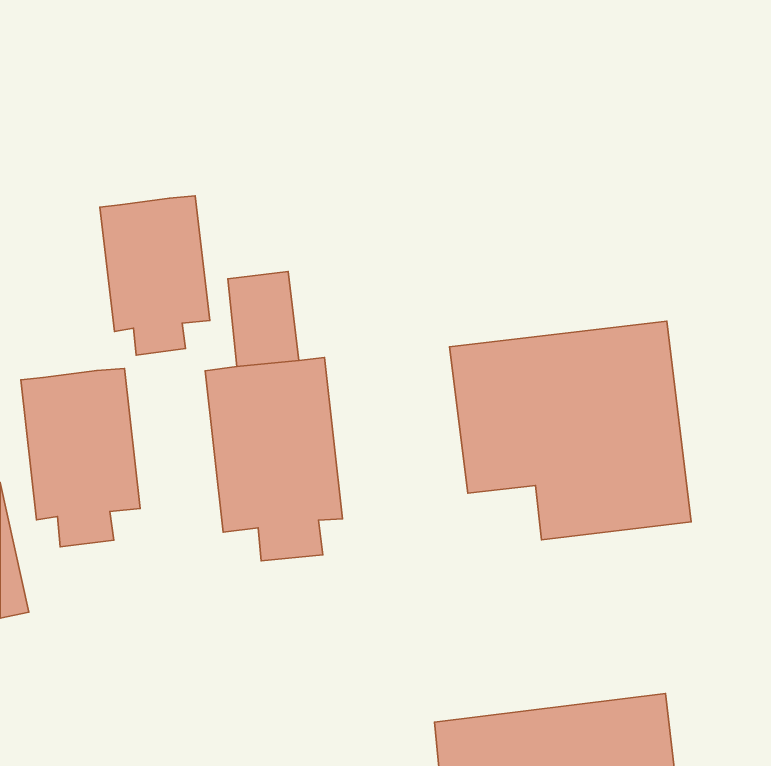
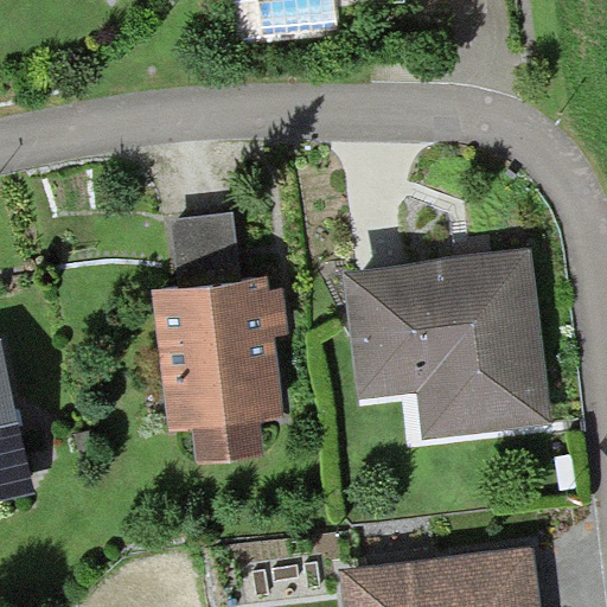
building: [100,196,210,355] -> none
building: [21,368,140,547] -> none

